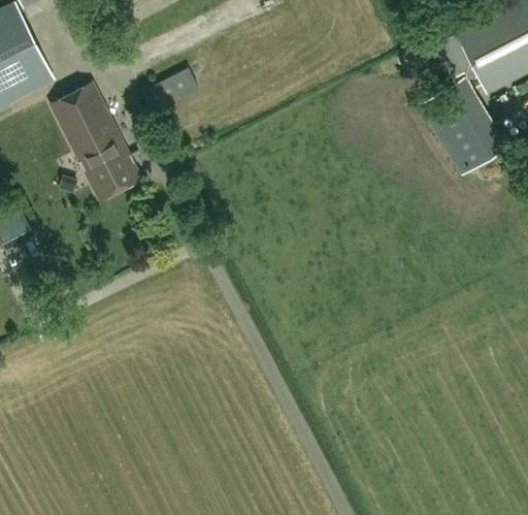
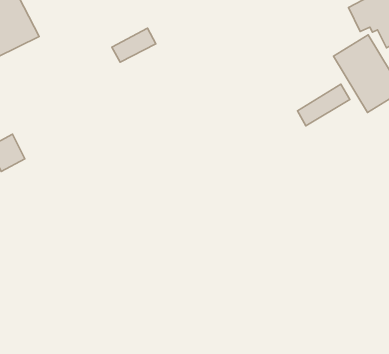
building: [51,84,142,201] -> none
building: none -> [297,84,350,126]

